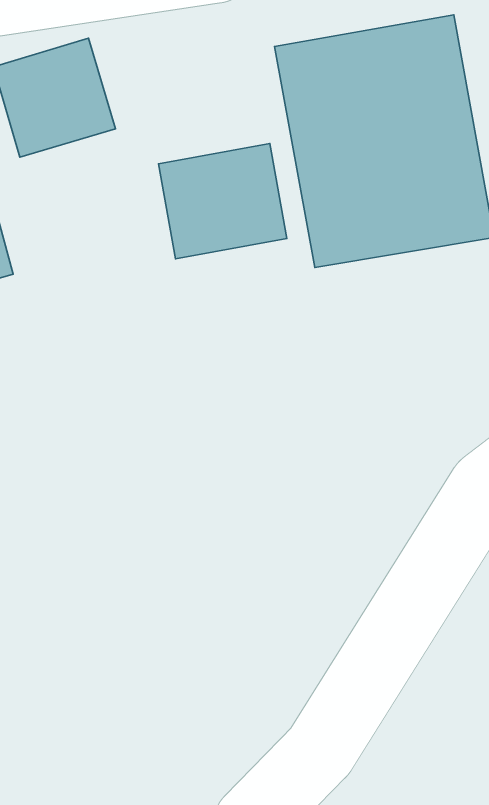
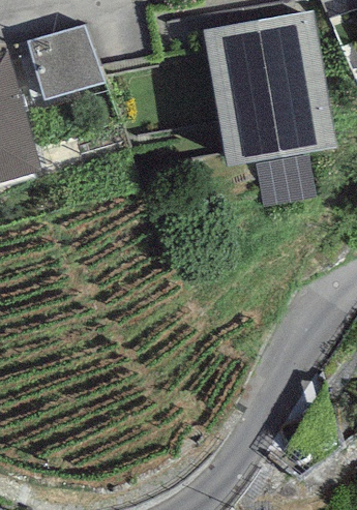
building: [158,143,287,259] -> none

